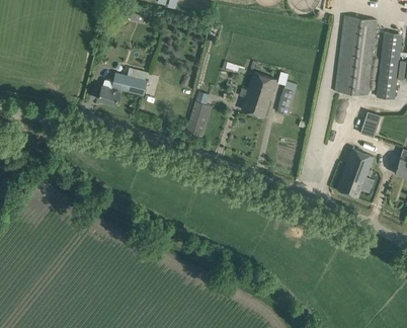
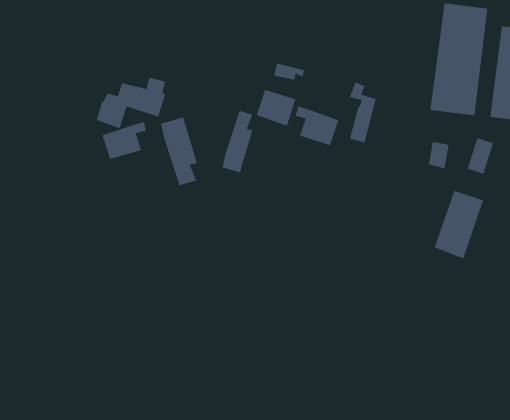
building: [248,73,276,99] -> [256,89,296,126]
building: none -> [161,116,197,186]
building: none -> [102,121,147,160]

